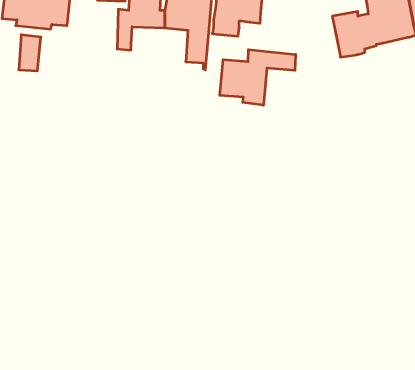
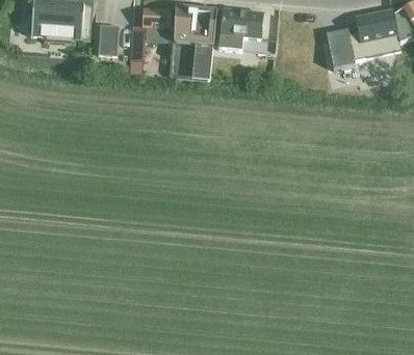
building: [19,35,41,71] -> [97,24,117,56]
building: [220,50,296,105] -> none

